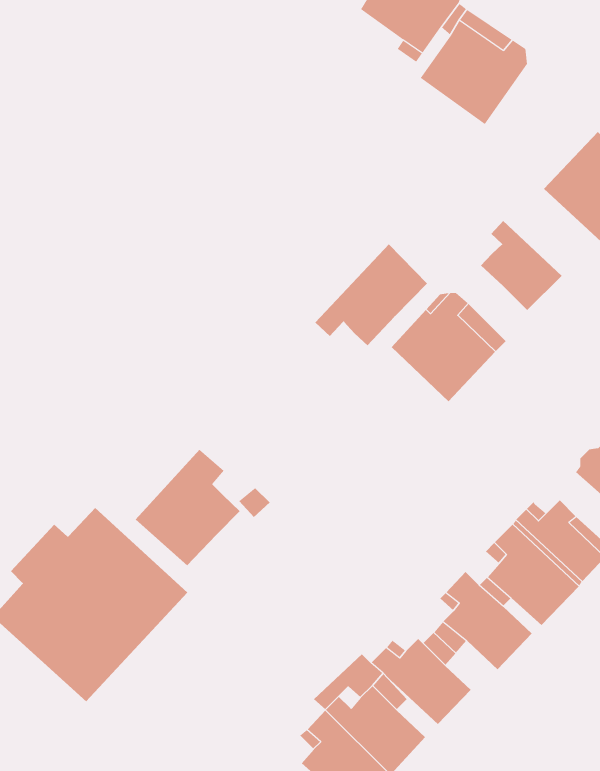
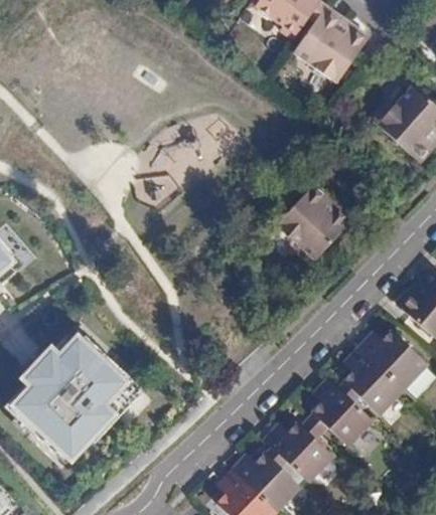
building: [480,220,563,311] -> none
building: [314,243,428,346] -> none
building: [135,449,241,566] -> none

